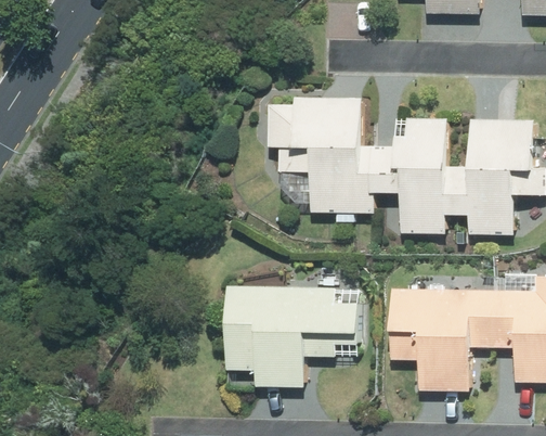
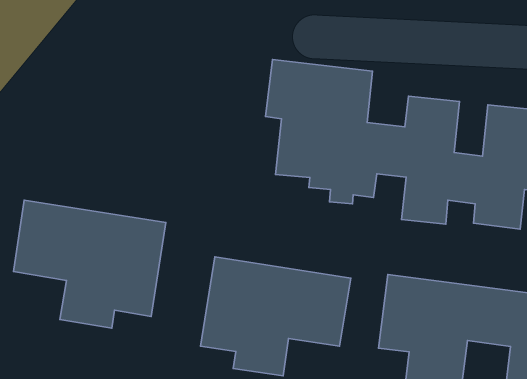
building: none -> [13,200,166,328]

